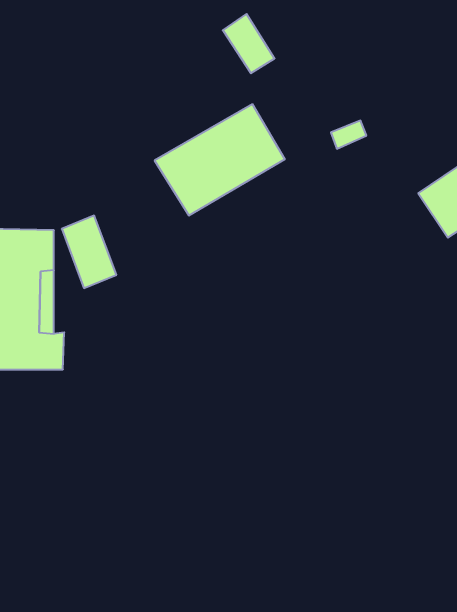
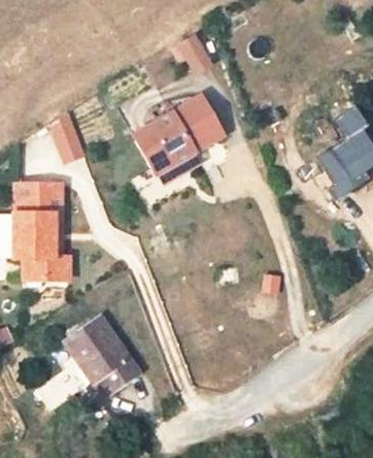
building: [62,216,116,288] -> [49,113,88,164]
building: none -> [64,316,139,391]

